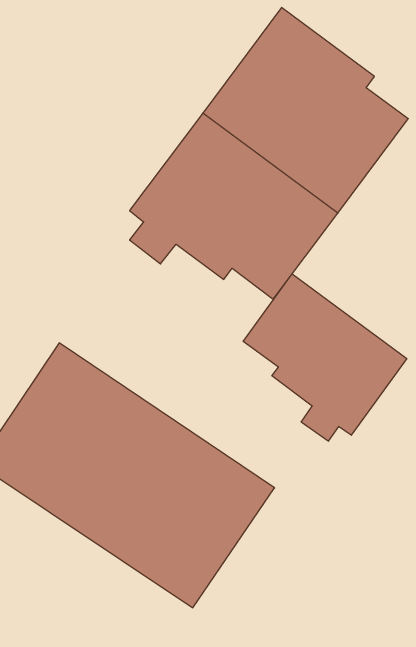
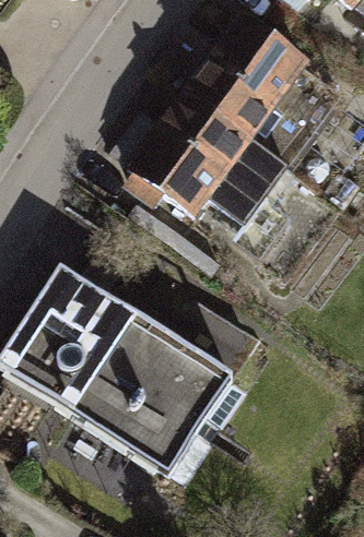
building: [243,274,407,441] -> none

